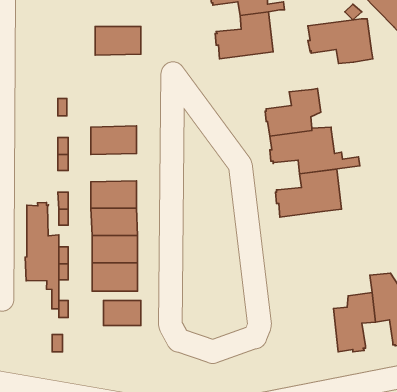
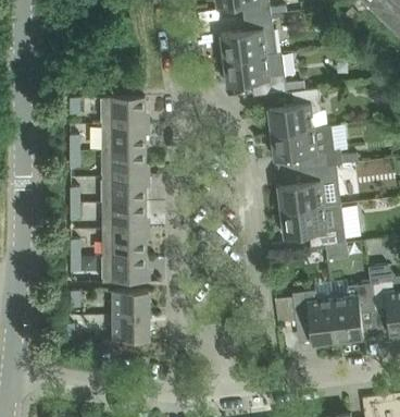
building: [308,19,373,63] -> [224,54,286,97]
building: [95,27,141,55] -> [101,99,145,126]
building: none -> [101,151,145,179]
building: [25,203,59,309] -> none
building: none -> [282,205,346,248]
building: none -> [276,292,337,345]
building: none -> [113,316,149,341]

